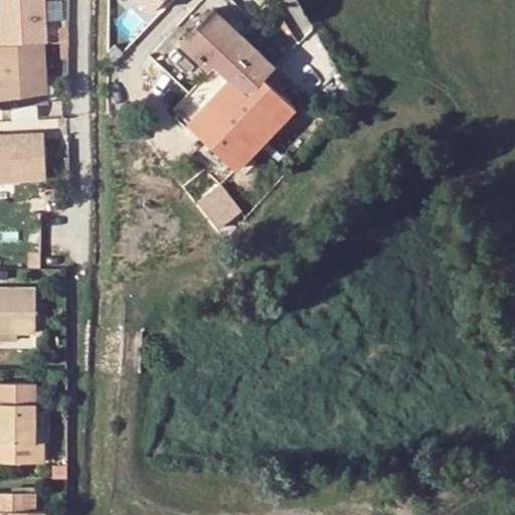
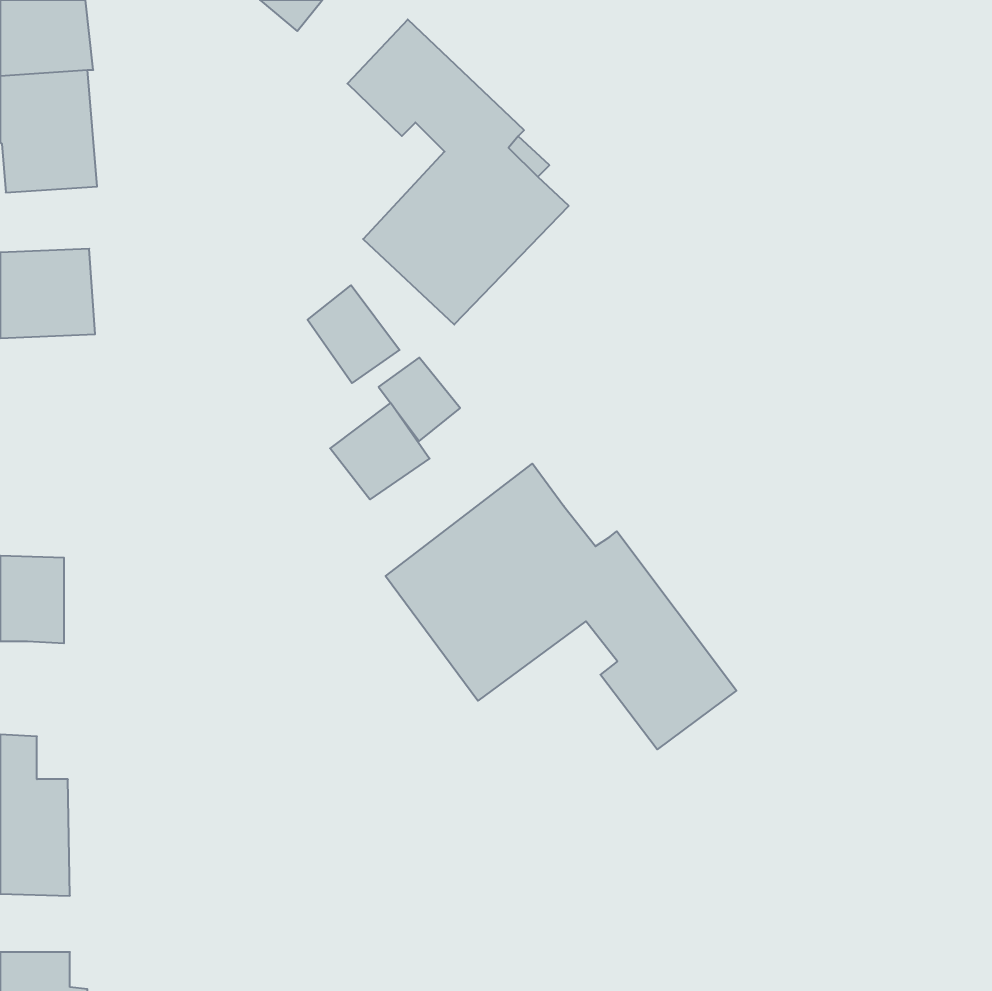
building: none -> [308,285,400,383]
building: none -> [330,403,430,499]
building: none -> [386,464,736,749]

